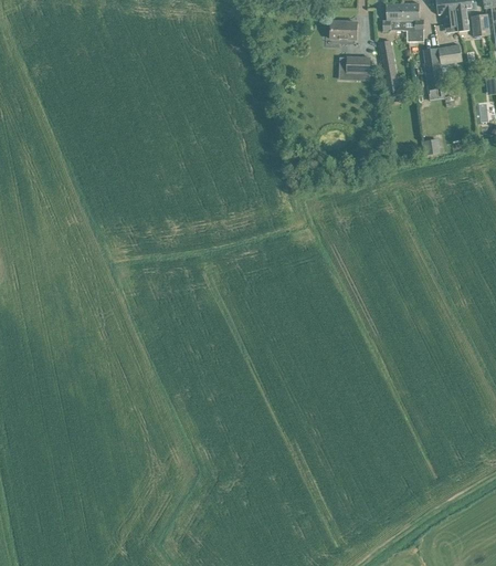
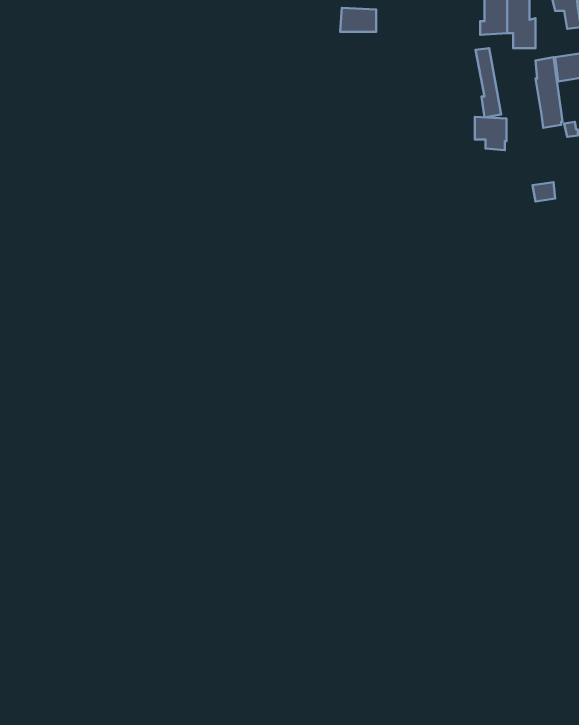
building: [329,20,356,38] -> [340,8,376,32]
building: [346,55,369,80] -> [475,117,506,150]

